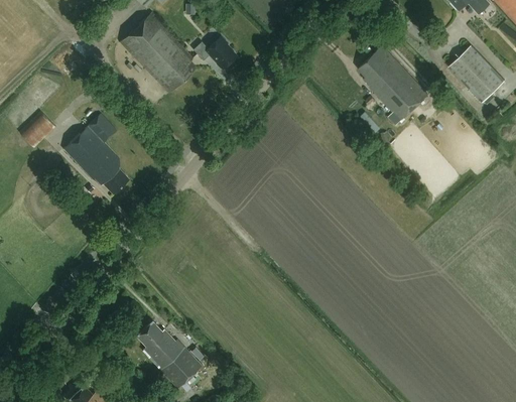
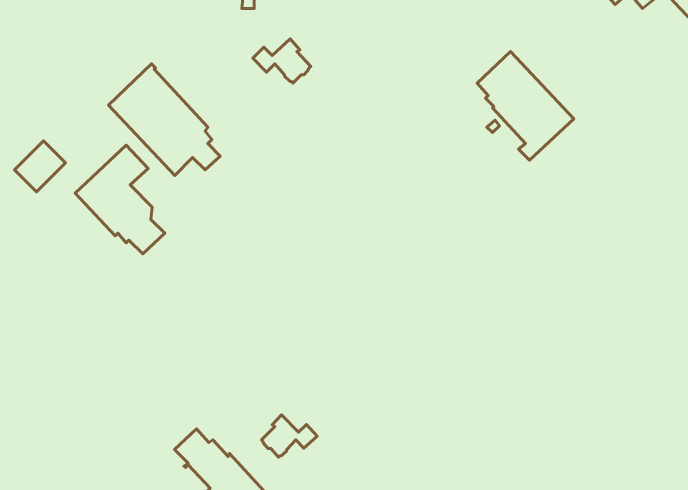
building: [120,12,202,94] -> [109,64,220,175]
building: [448,45,505,103] -> none
building: none -> [261,415,317,457]

